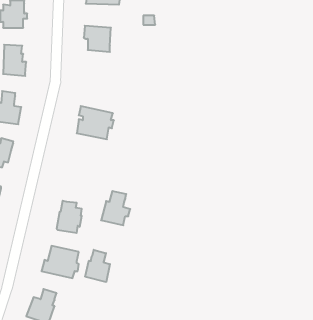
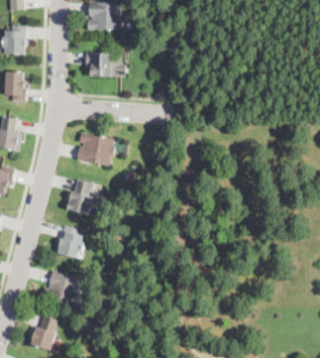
building: [101,191,130,225] -> [67,180,96,214]
building: [85,250,110,282] -> none

